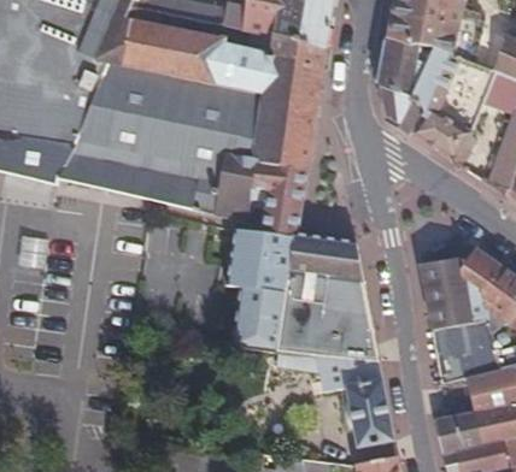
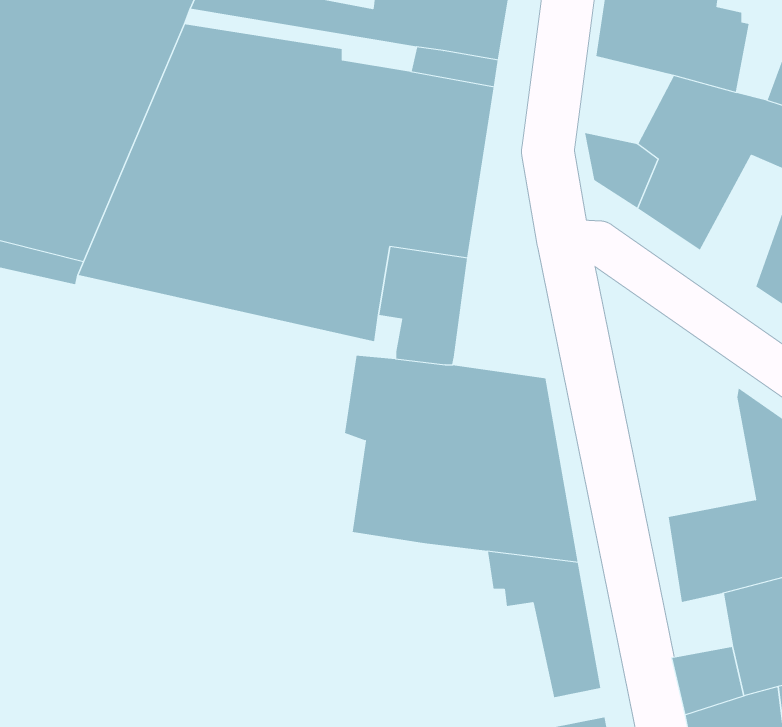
building: [381,40,438,95] -> none
building: [423,255,489,331] -> none

